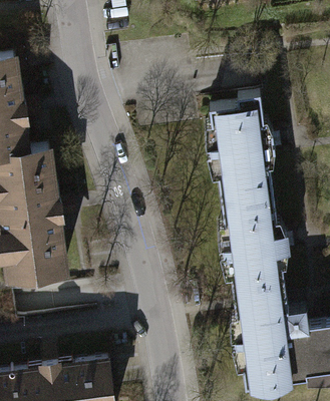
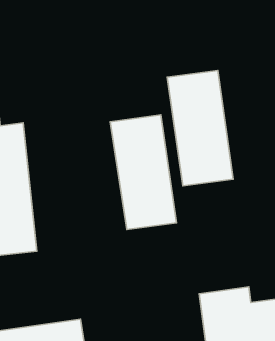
building: [219,208,287,326] -> [110,115,176,230]

